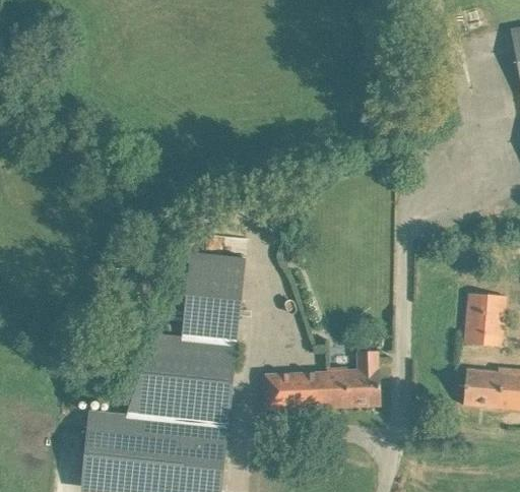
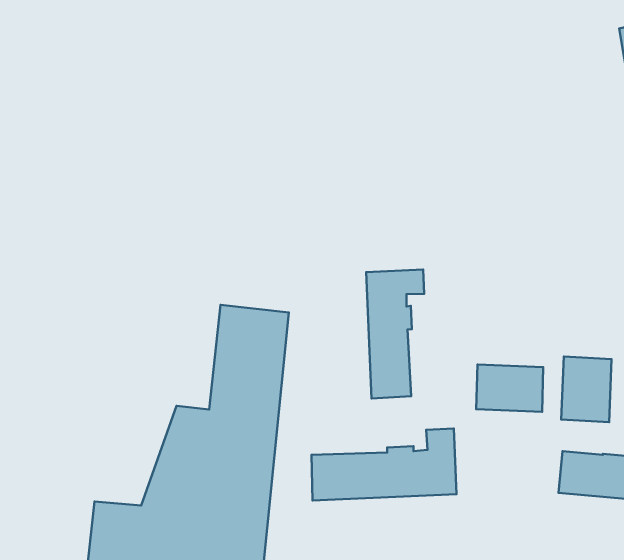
building: none -> [366,269,424,398]
building: none -> [476,365,543,412]

